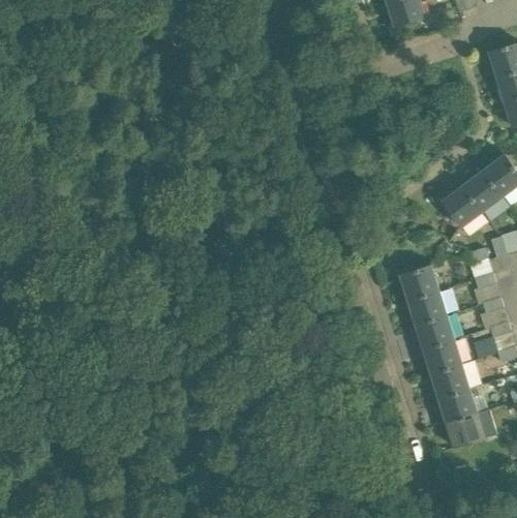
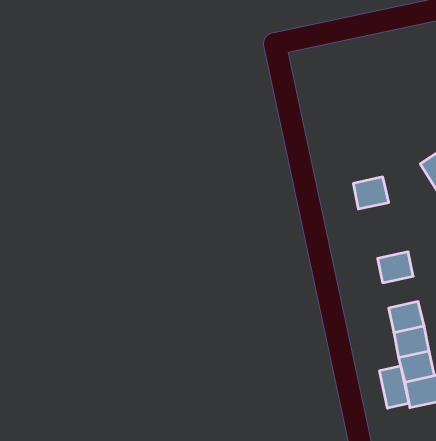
building: [400,266,437,300] -> [353,177,389,209]
building: [415,314,452,348] -> none
building: none -> [380,366,409,408]

